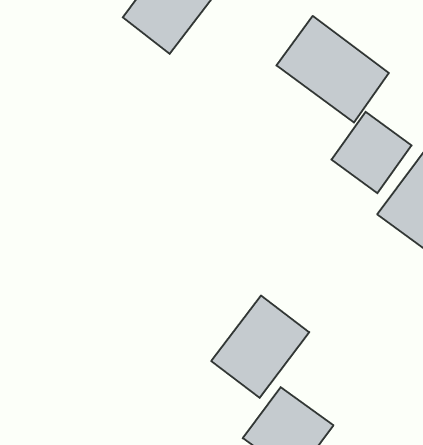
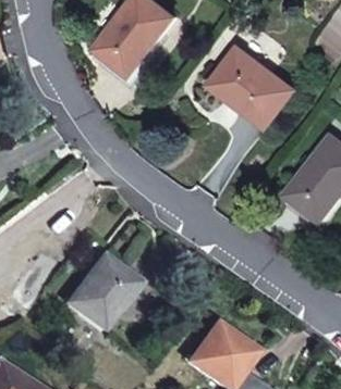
building: [331,112,412,193] -> none
building: [211,296,309,398] -> [64,253,137,329]

